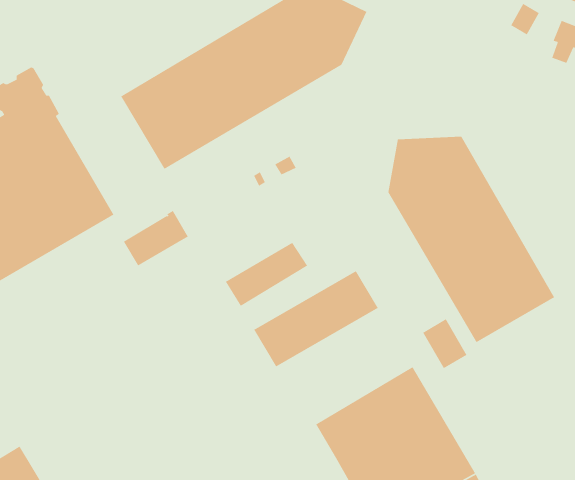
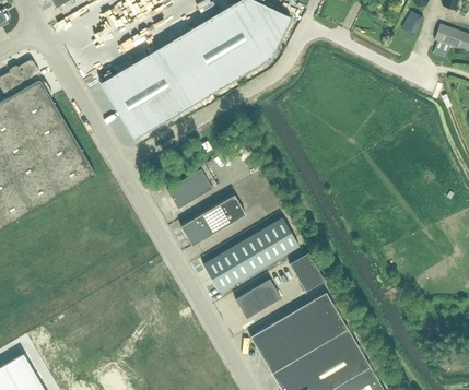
building: [387,136,555,343] -> none
building: [122,210,189,266] -> [166,164,218,208]
building: [422,318,467,369] -> [290,251,325,291]
building: none -> [235,277,281,318]

